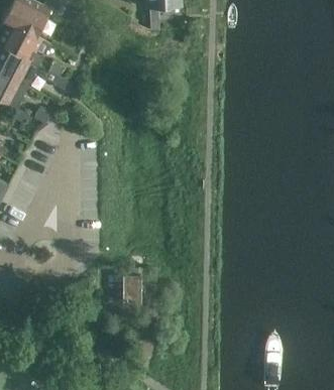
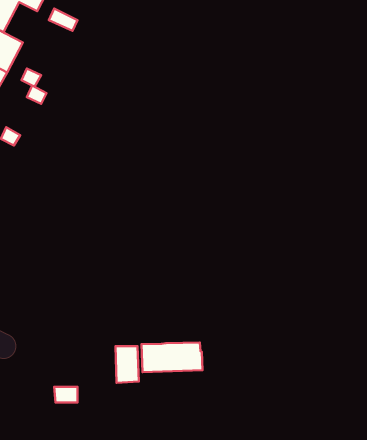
building: none -> [141,343,203,372]

